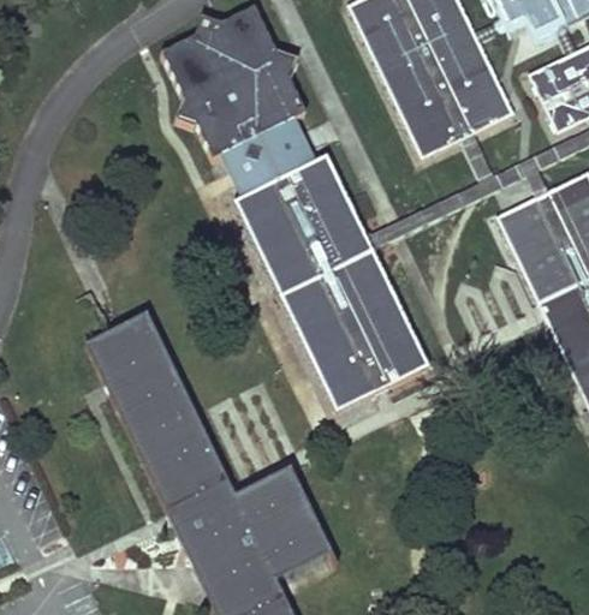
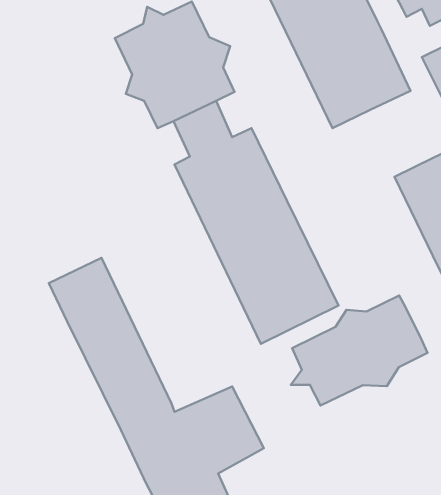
building: none -> [291,295,427,406]

